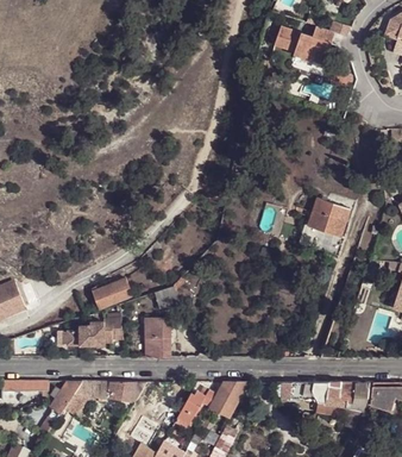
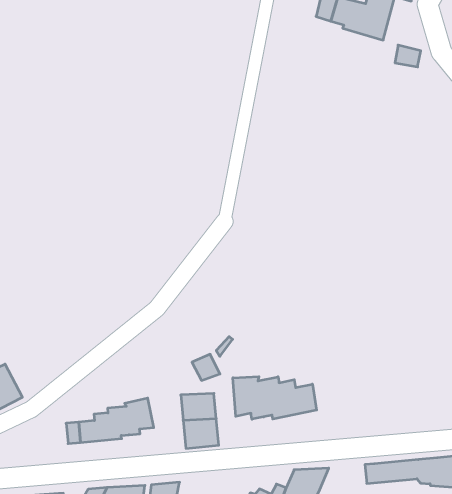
building: [308,198,348,236] -> none
building: [93,277,133,308] -> none
building: none -> [233,377,317,419]

